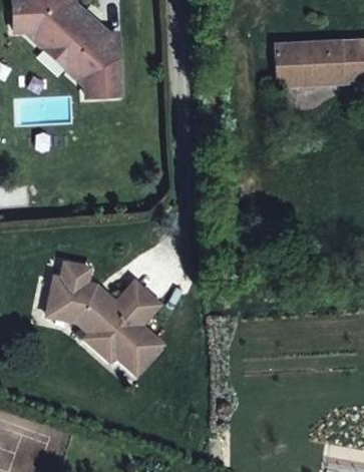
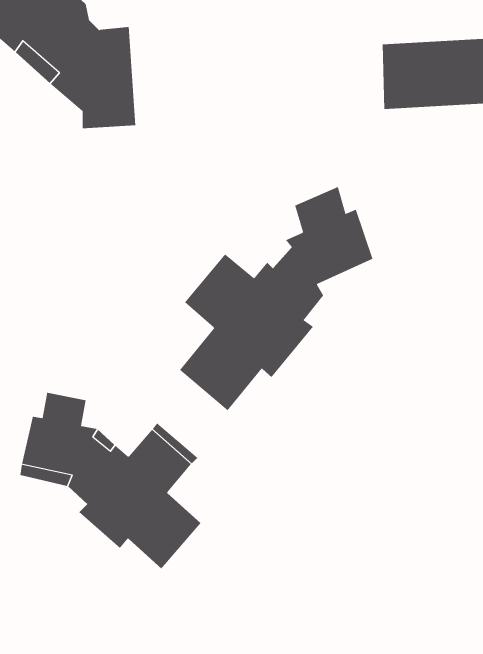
building: none -> [179,186,373,411]

